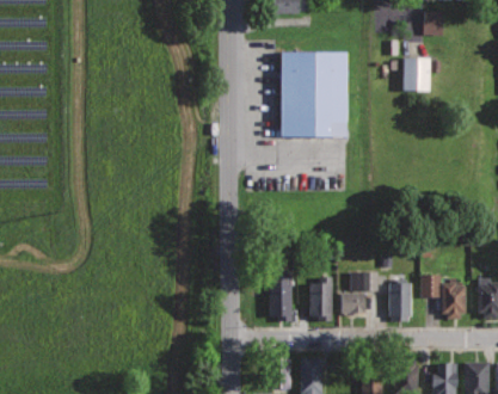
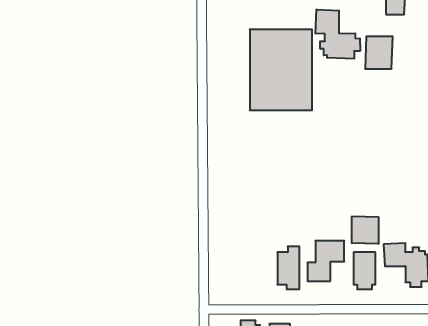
building: none -> [315,9,360,59]
building: none -> [352,216,378,244]
building: [270,273,291,321] -> none

